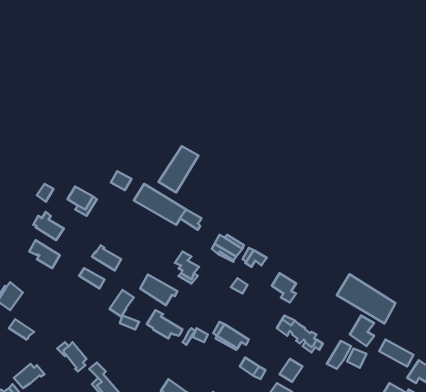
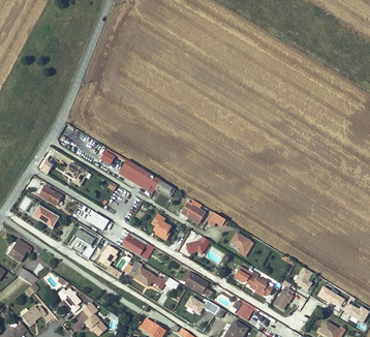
building: [159,146,199,192] -> none
building: [337,274,395,324] -> none

